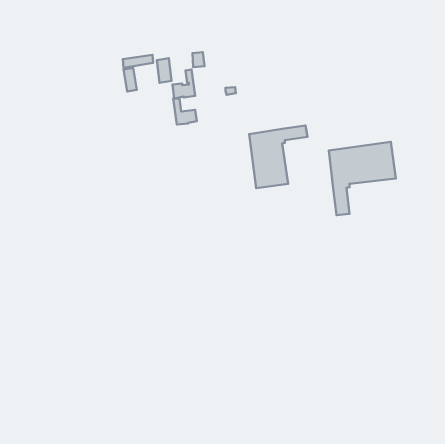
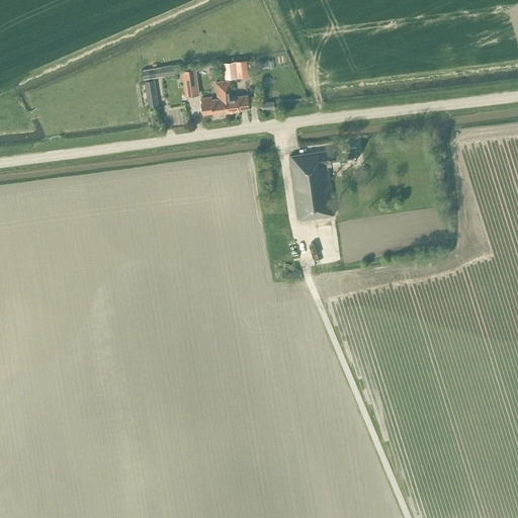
building: [173,98,197,124] -> [223,82,250,112]
building: [329,142,396,215] -> none

